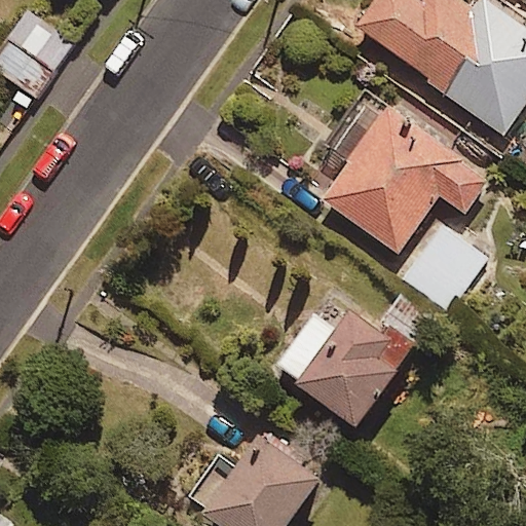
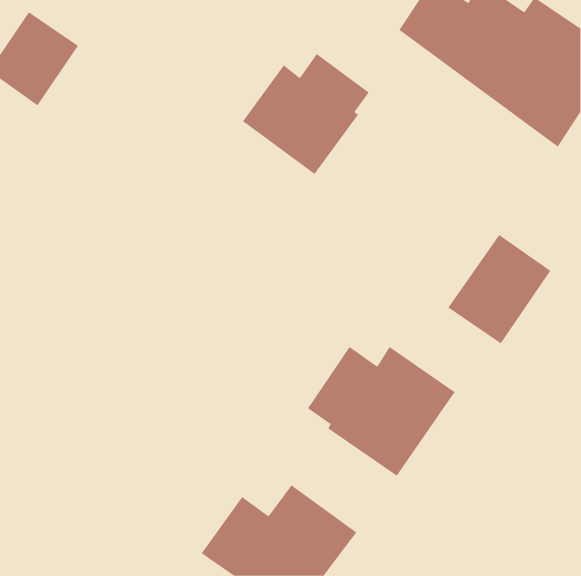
building: none -> [242,53,370,175]
building: [323,101,486,254] -> none

